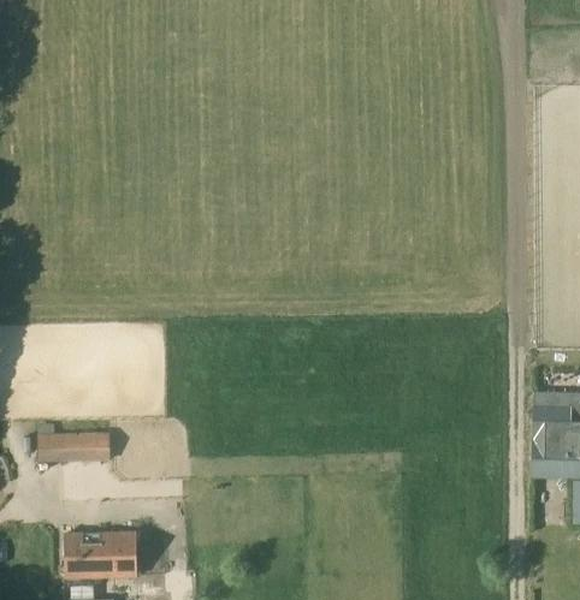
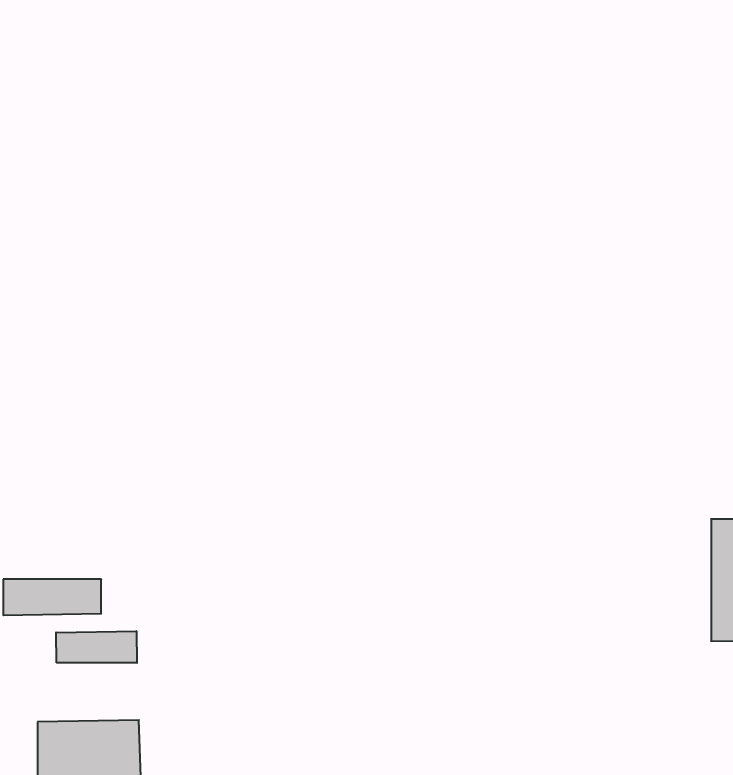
building: none -> [56,631,137,663]

